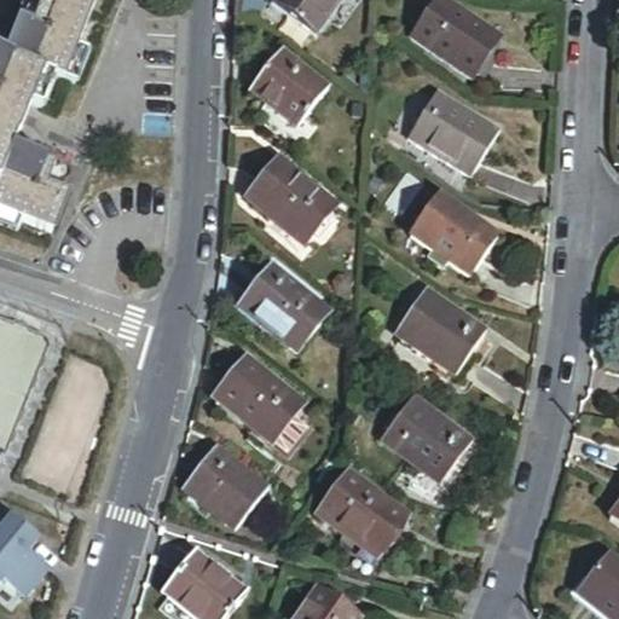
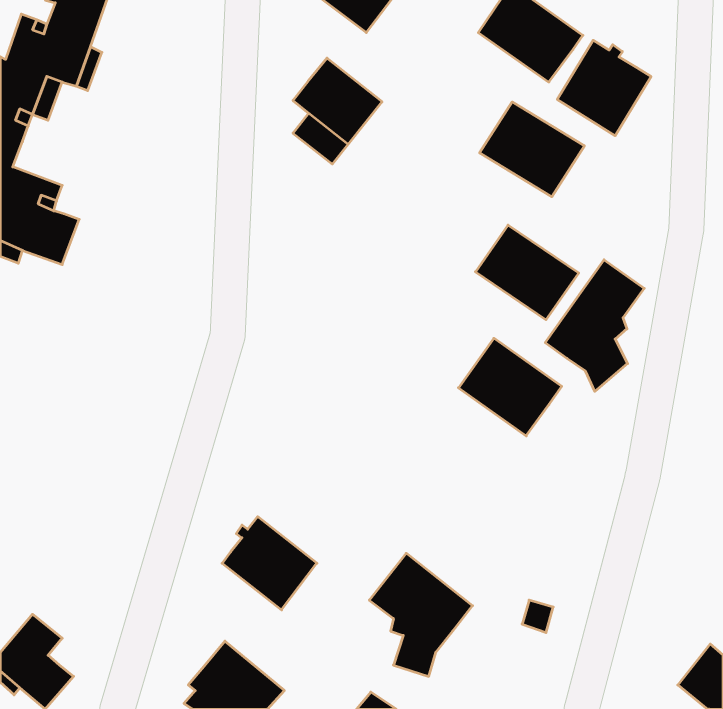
building: none -> [557,40,651,136]
building: [245,152,331,235] -> none
building: none -> [545,260,644,391]
building: [245,265,334,348] -> none
building: [215,355,301,438] -> none
building: [377,394,464,476] -> none

